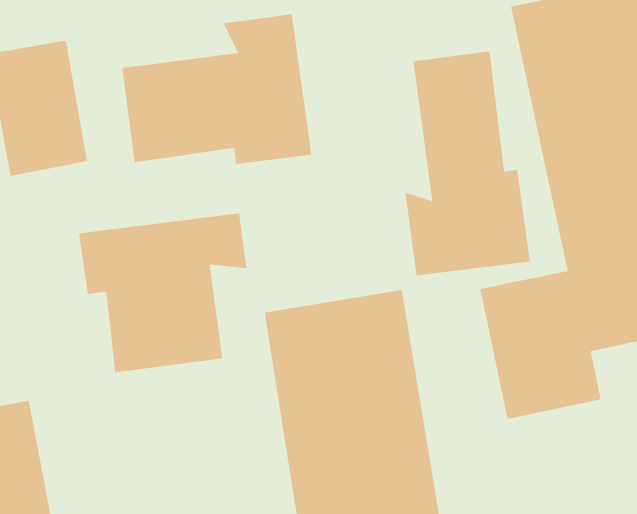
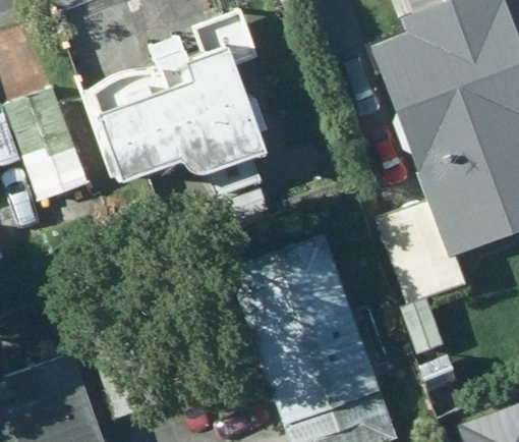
building: [405,50,531,276] -> none
building: [78,212,247,373] -> none

